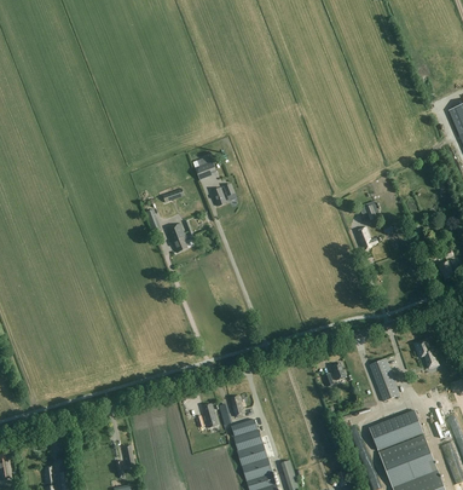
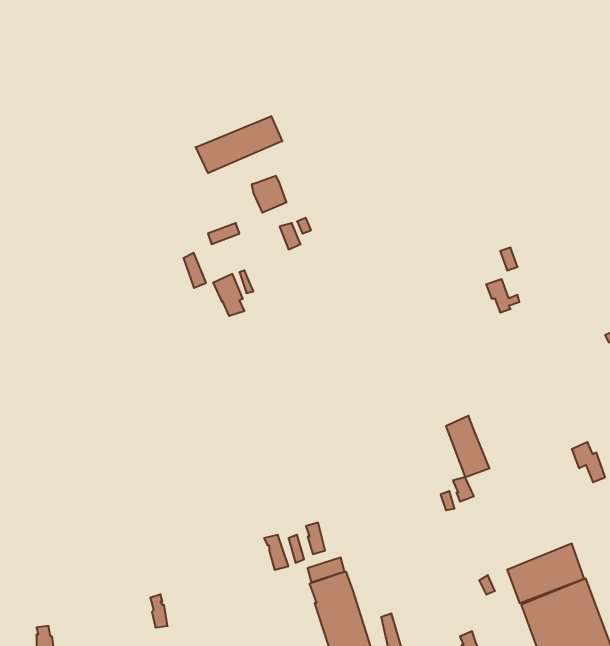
building: none -> [196,116,282,173]
building: [369,358,399,400] -> [446,416,490,477]

